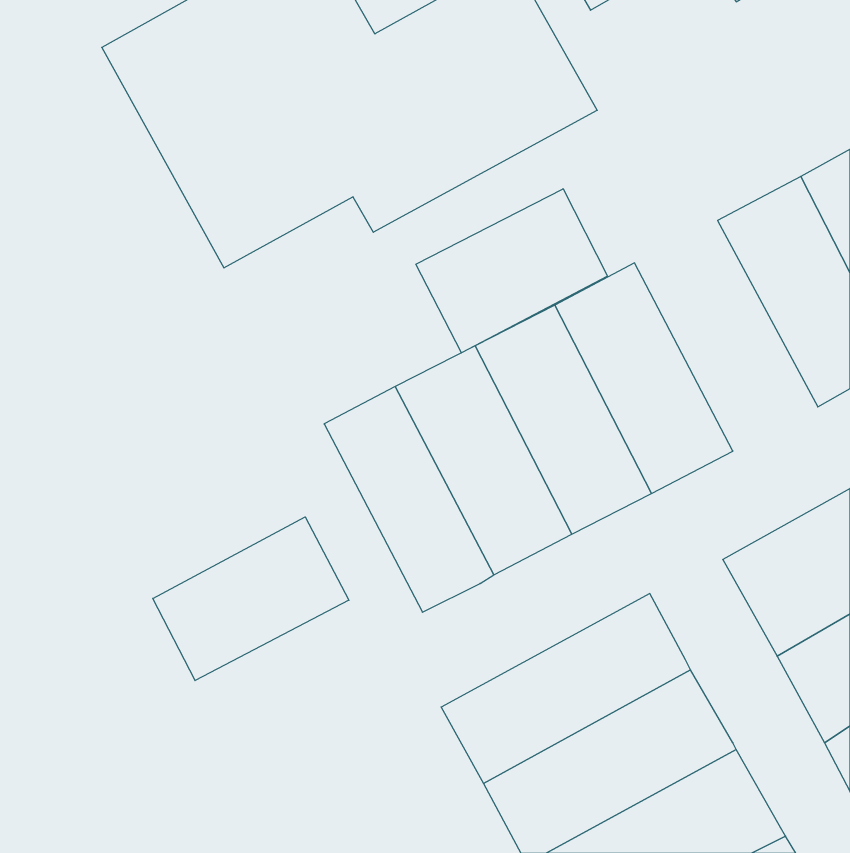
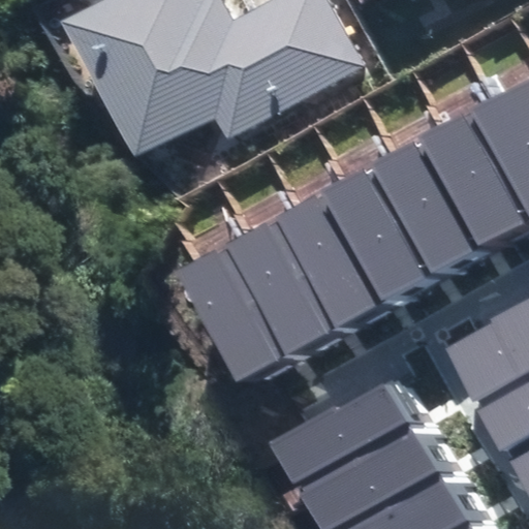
building: [416,189,607,353] -> none
building: none -> [386,134,498,275]
building: [153,517,349,681] -> none

